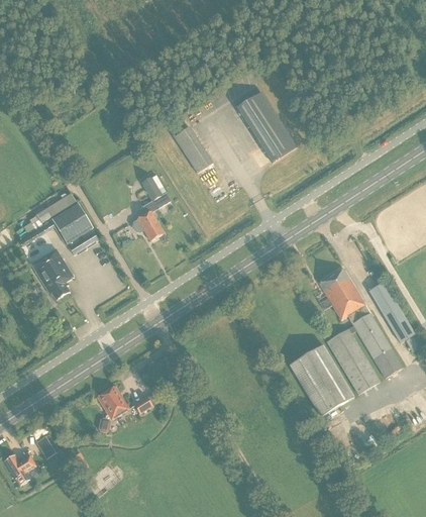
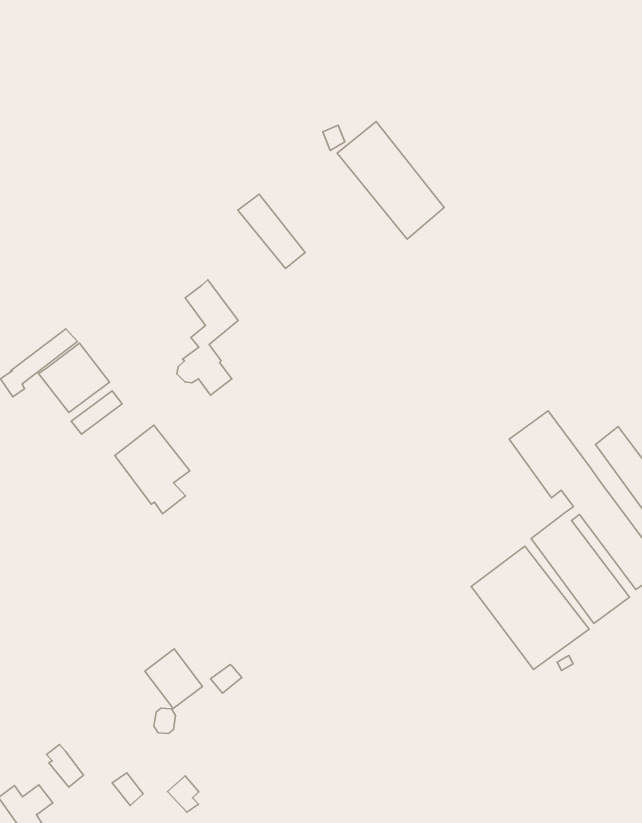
building: [30,248,73,300] -> [115,425,190,514]

